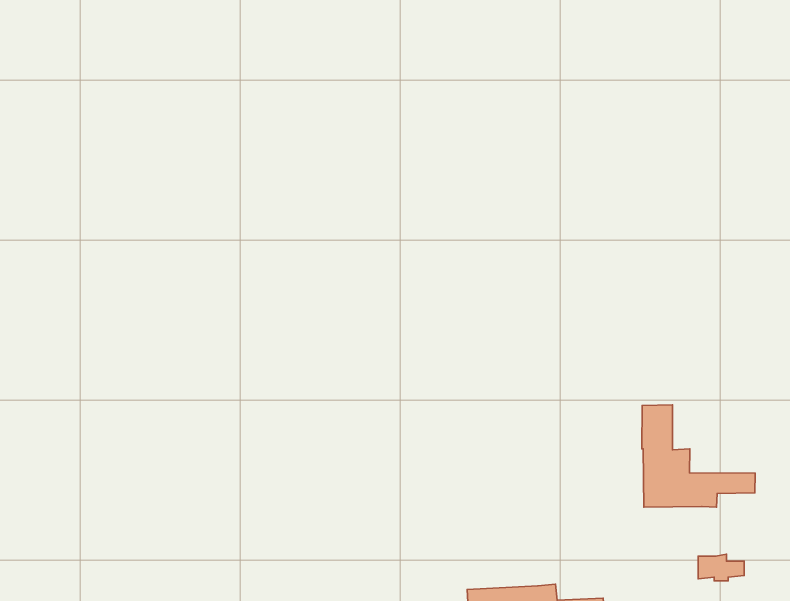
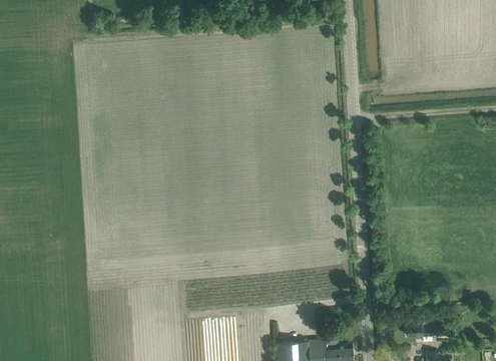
building: [642,405,755,507] -> none

